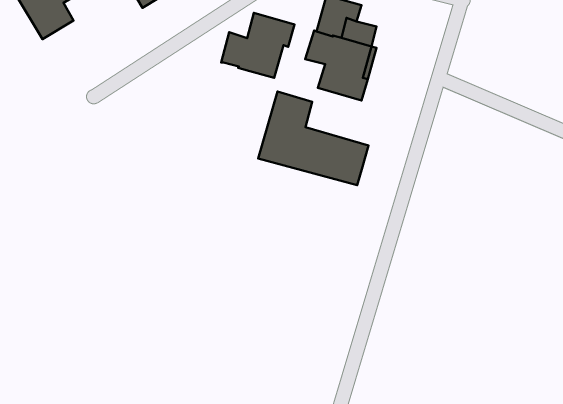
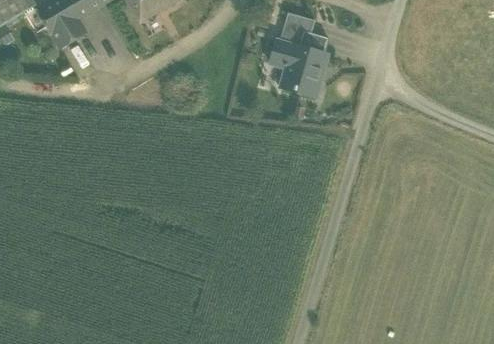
building: [221,13,294,78] -> none
building: [258,92,368,185] -> none

